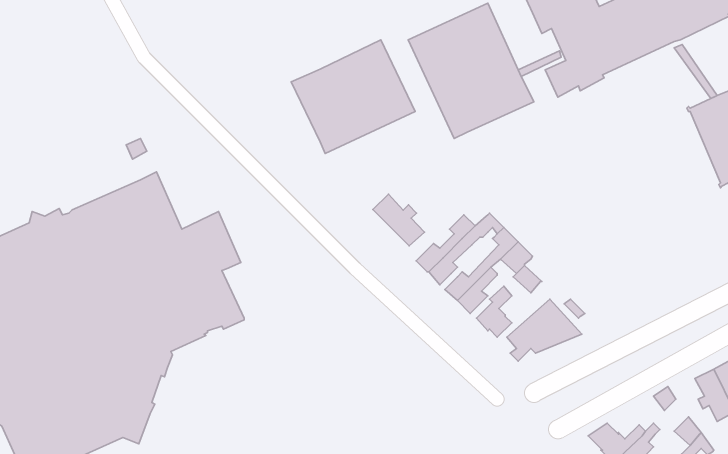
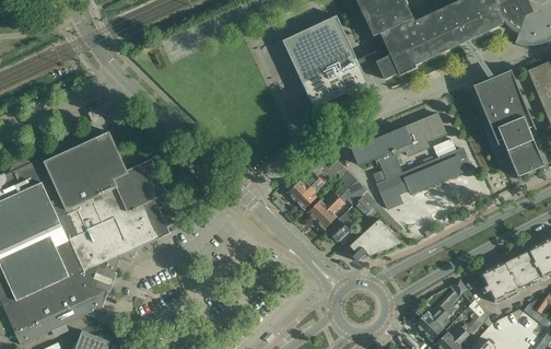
building: [291,40,415,154] -> none
building: none -> [352,114,468,208]
building: [373,194,424,246] -> none

